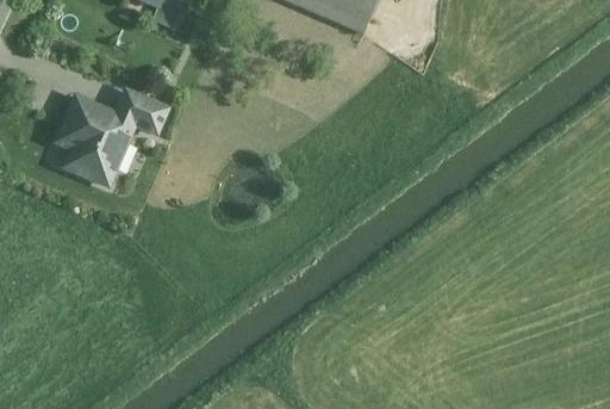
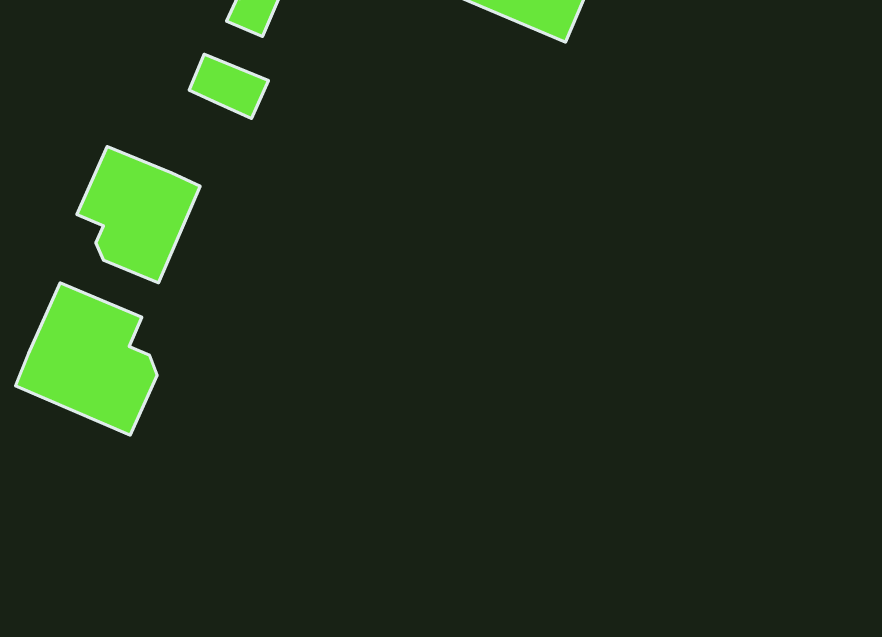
building: [116,92,166,132] -> [189,54,269,118]
building: none -> [16,283,157,435]

